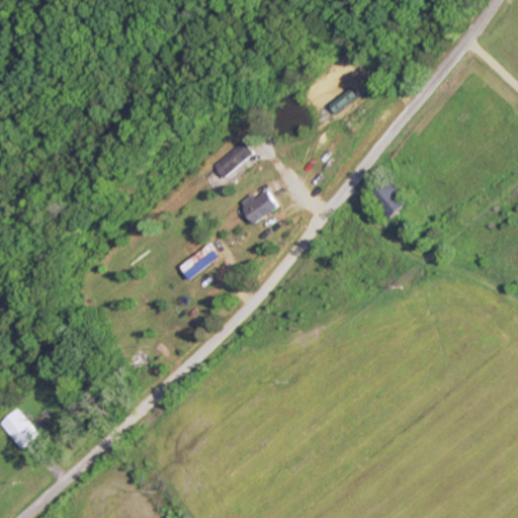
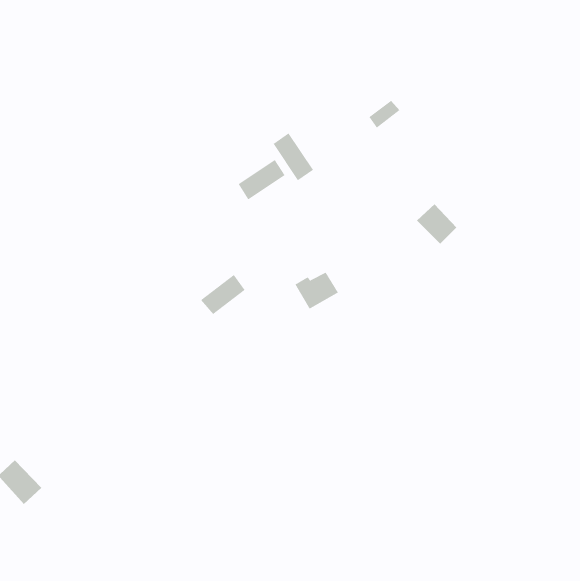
building: none -> [273,133,314,181]
building: [239,191,278,225] -> [294,272,339,309]

